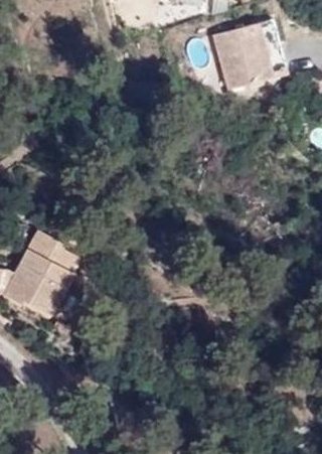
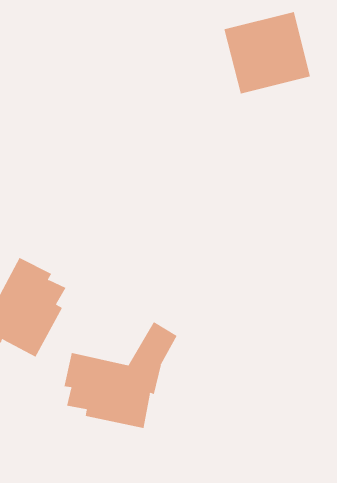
building: none -> [64,321,178,429]

